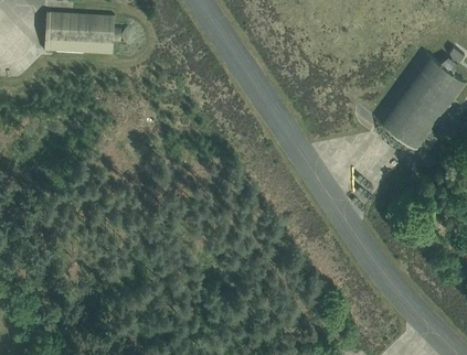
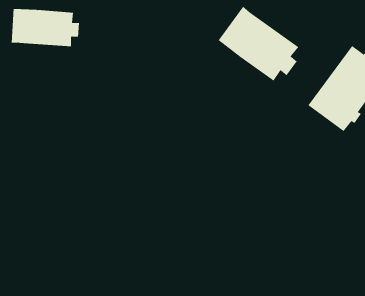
building: none -> [218,6,299,81]

